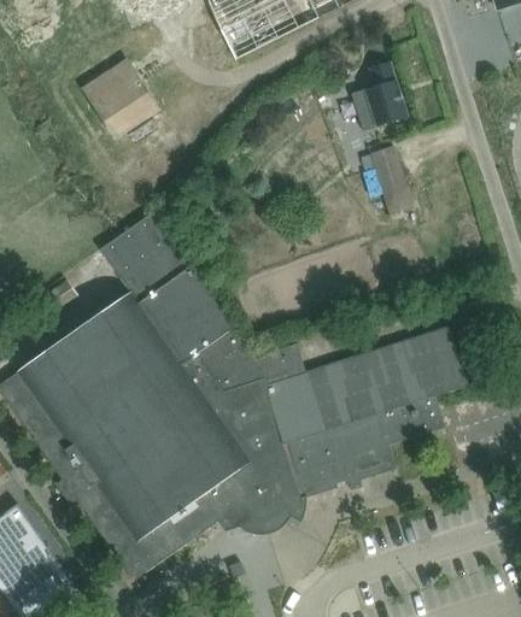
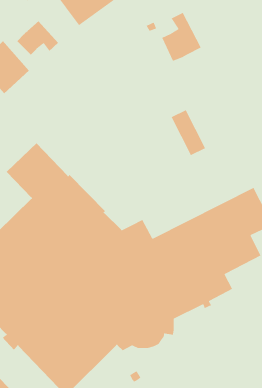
building: none -> [17,21,59,56]
building: [369,143,412,211] -> [171,109,206,156]

